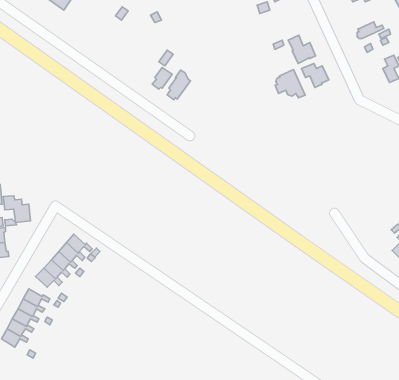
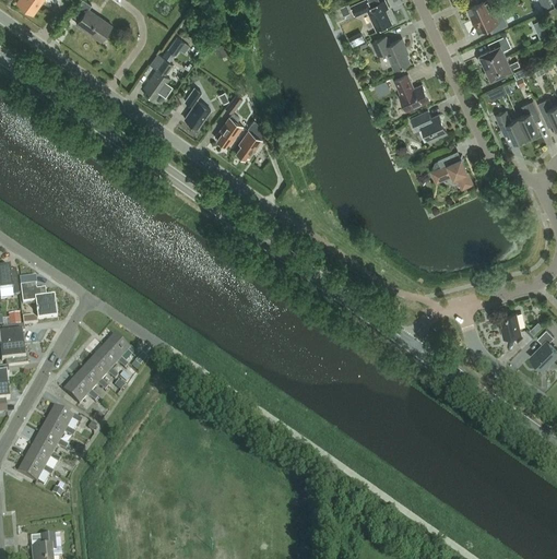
building: none -> [371,36,410,70]
building: none -> [477,36,510,67]
building: none -> [142,53,171,99]
building: none -> [182,87,211,129]
building: none -> [495,110,526,142]
building: [275,69,305,98] -> [431,151,471,188]
building: none -> [499,313,532,348]

